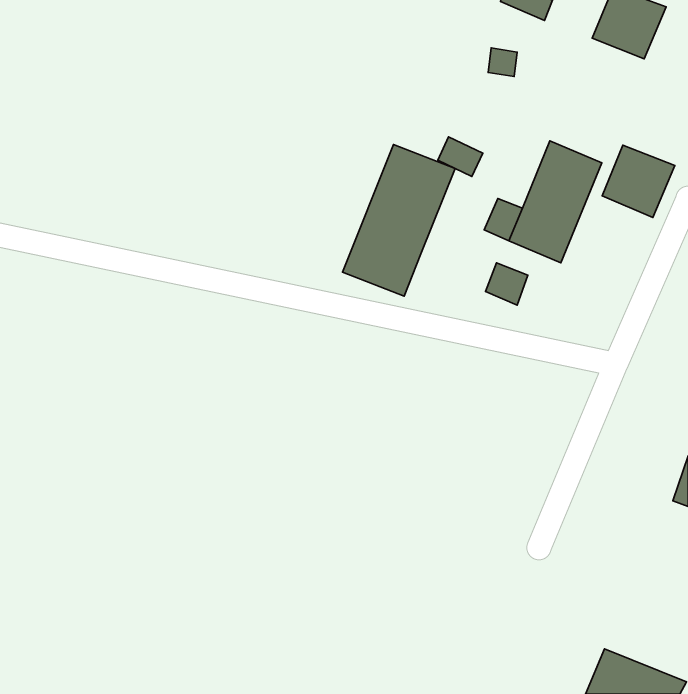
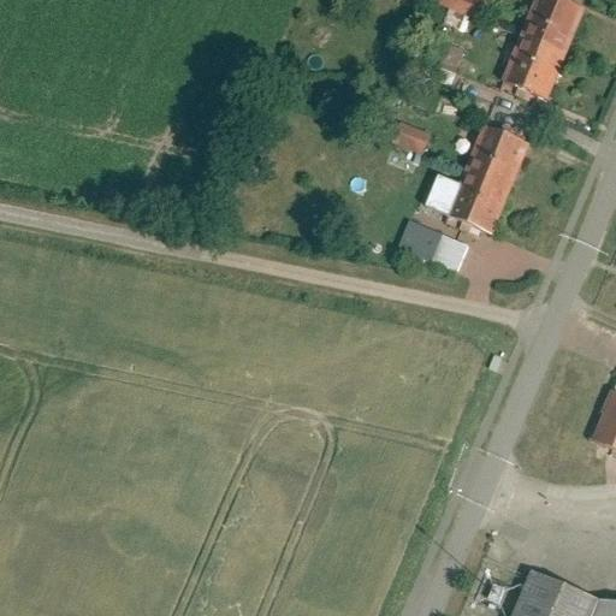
building: [343,145,455,296] -> none
building: [602,145,675,218] -> [503,34,567,97]
building: none -> [396,218,437,257]

